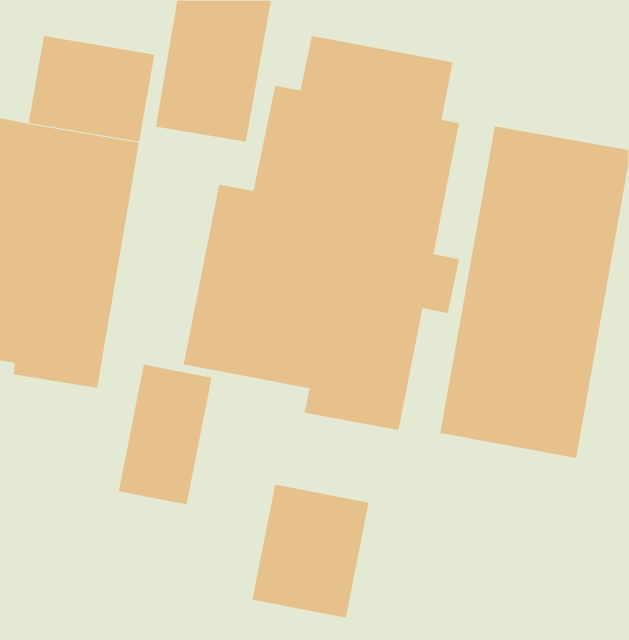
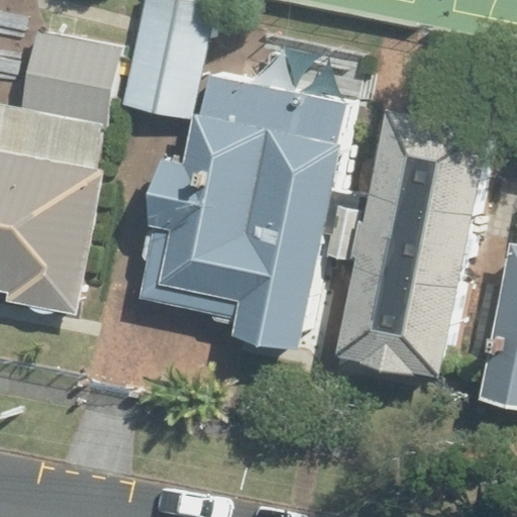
building: [118,364,212,505] -> none
building: [252,484,369,618] -> none

